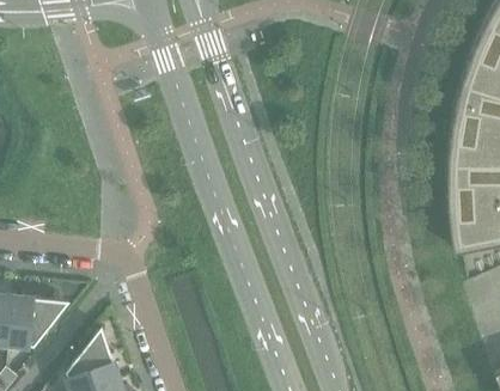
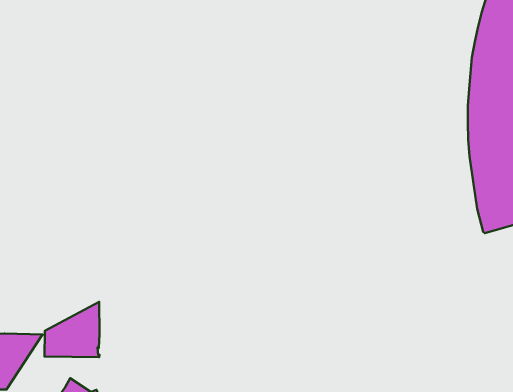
building: none -> [44,302,99,357]

